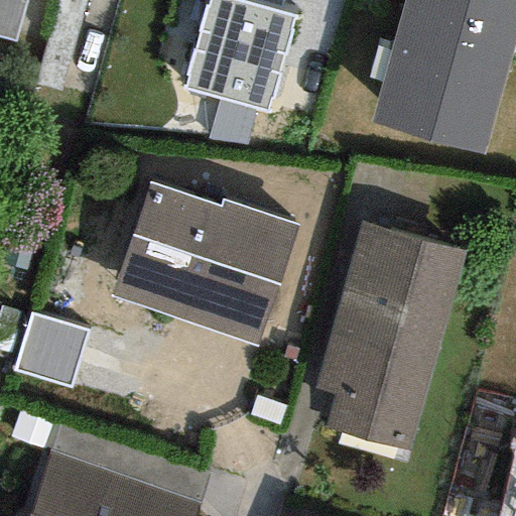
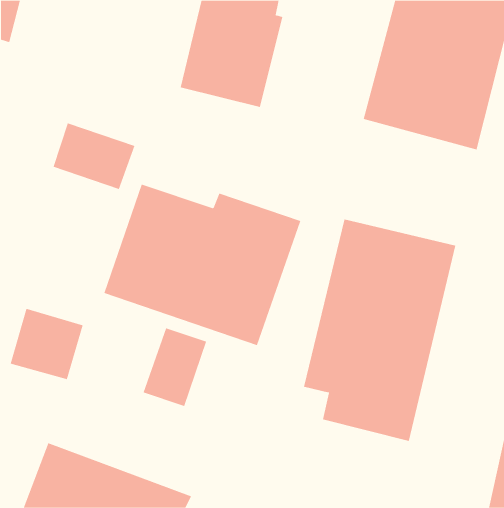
building: none -> [53,122,135,190]
building: none -> [143,328,207,407]

